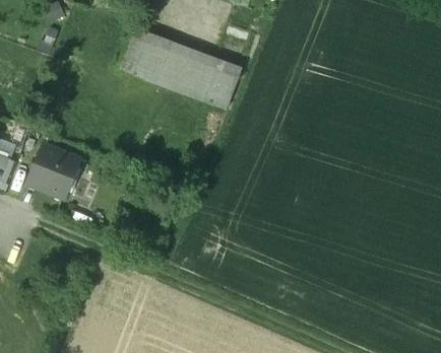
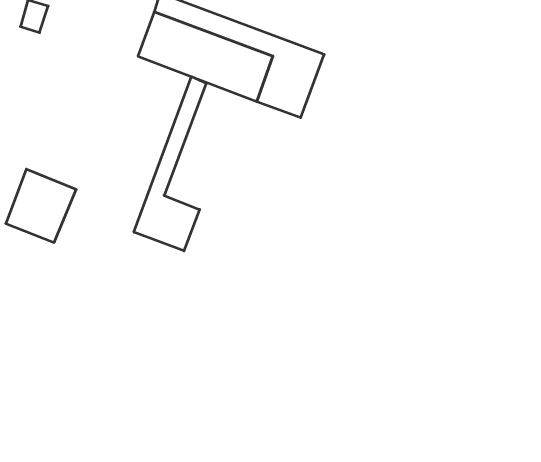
building: none -> [134,77,206,251]

